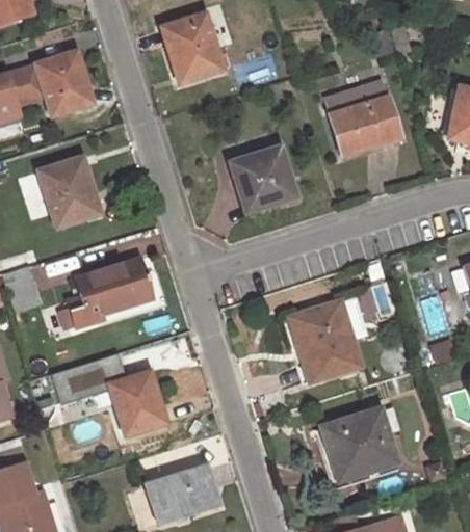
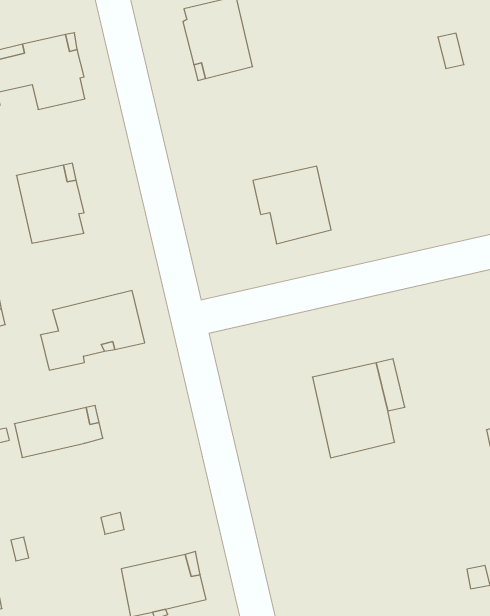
building: [325,80,400,154] -> none
building: [109,371,161,433] -> none
building: [320,408,396,481] -> none

